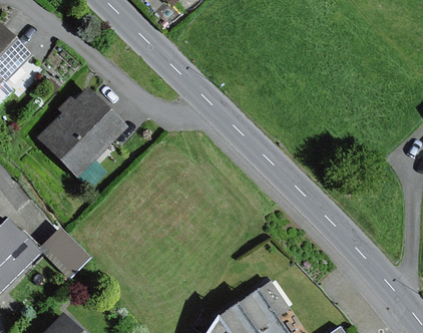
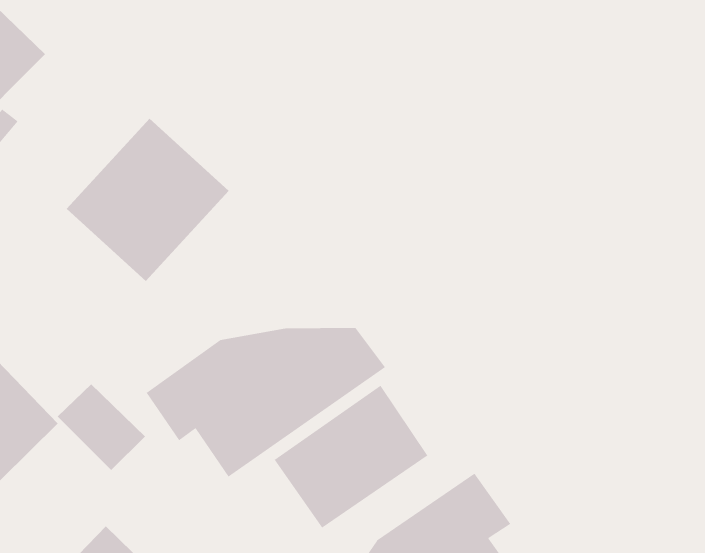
building: none -> [146,327,386,478]
building: none -> [274,385,428,528]

